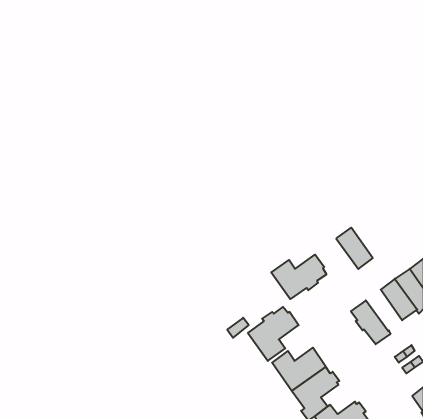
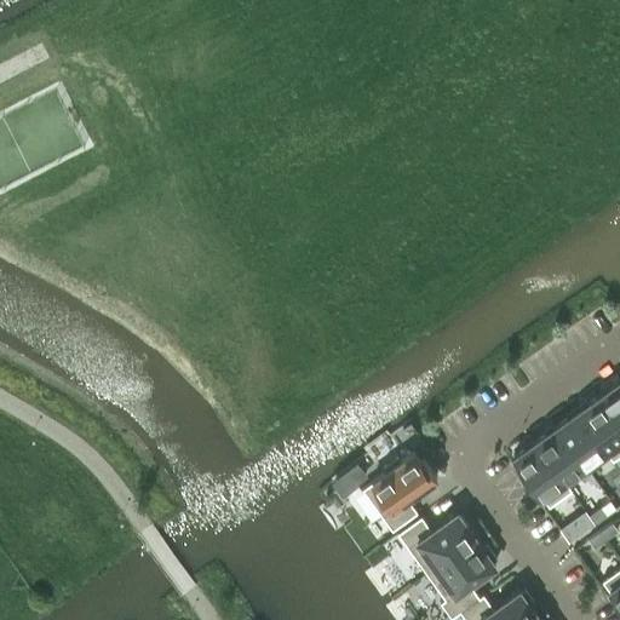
building: [336,228,373,269] -> [535,430,589,490]
building: [271,255,326,299] -> none

